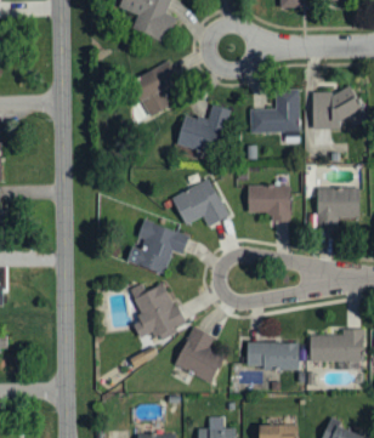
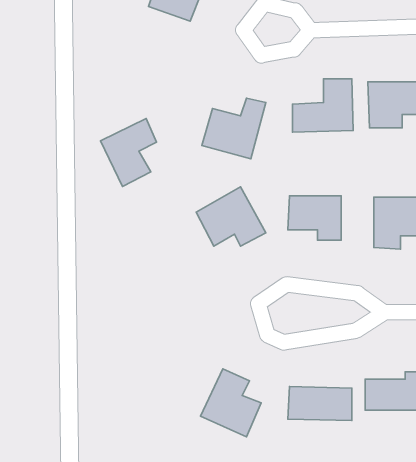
building: [131,61,177,116] -> [100,119,157,187]
building: [126,222,189,273] -> none
building: [129,281,183,337] -> none

